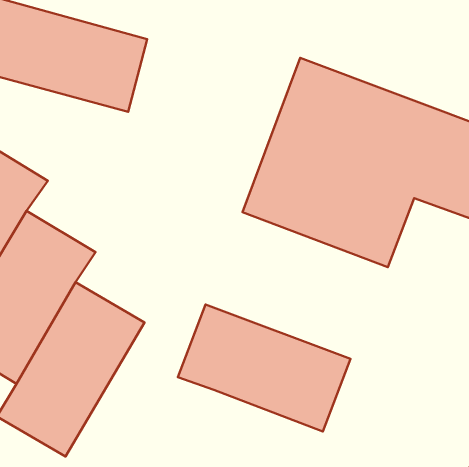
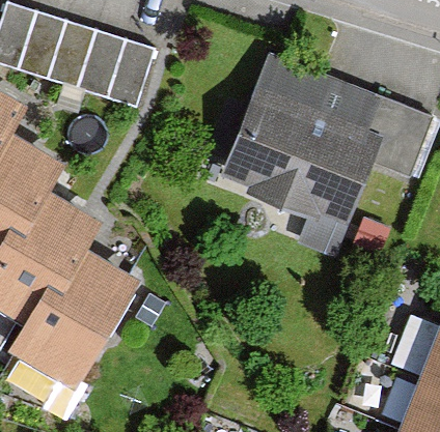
building: [178,304,350,431] -> none

